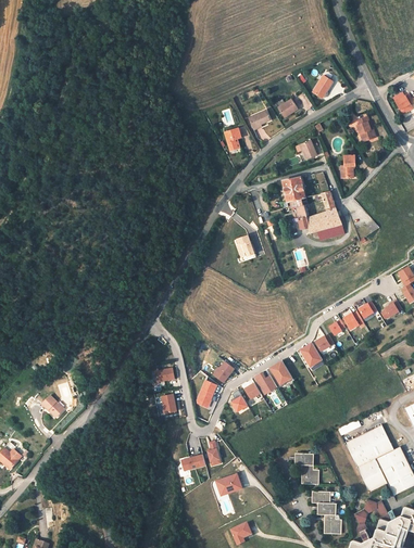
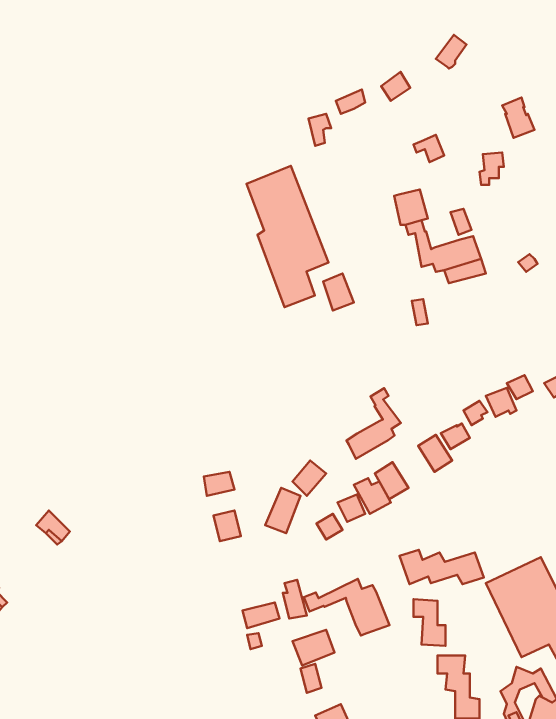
building: none -> [247,166,329,307]
building: none -> [347,388,401,459]
building: none -> [399,550,484,584]
building: none -> [304,579,390,636]

